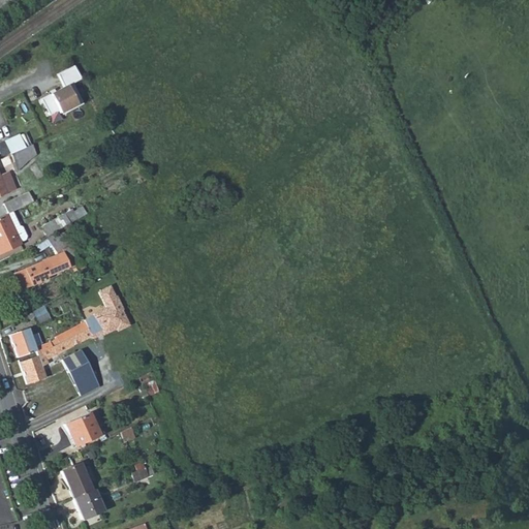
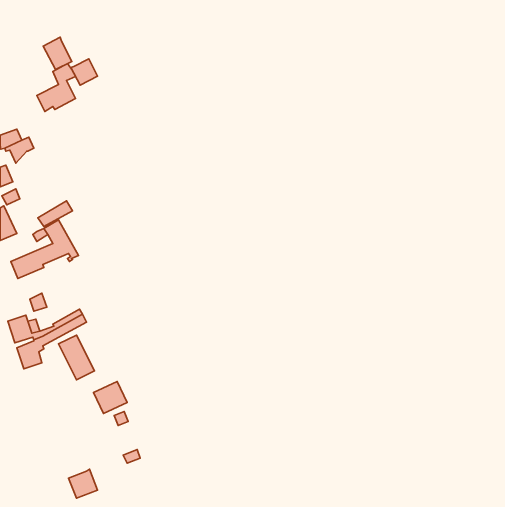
building: none -> [43,37,72,70]
building: none -> [71,59,97,85]
building: [85,286,129,335] -> none
building: [65,412,100,445] -> [93,382,127,413]
building: [63,462,93,497] -> none

